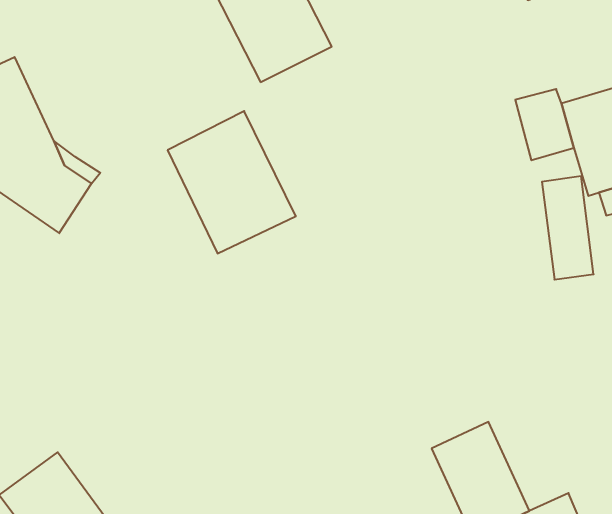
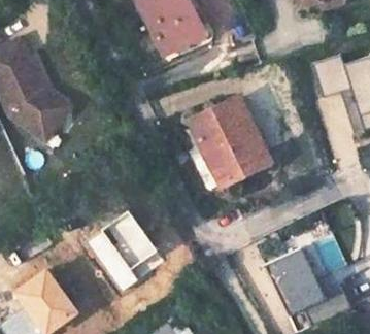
building: [168,111,296,253] -> [194,100,268,182]
building: none -> [92,210,160,290]

